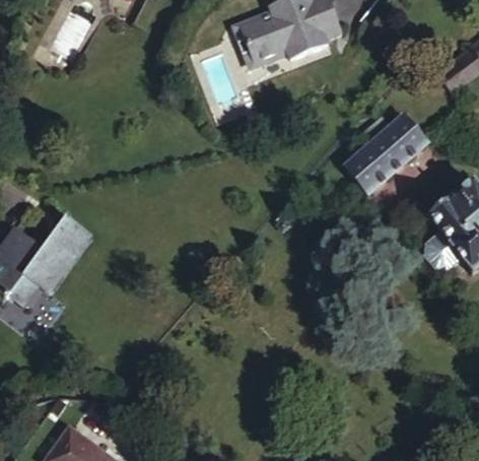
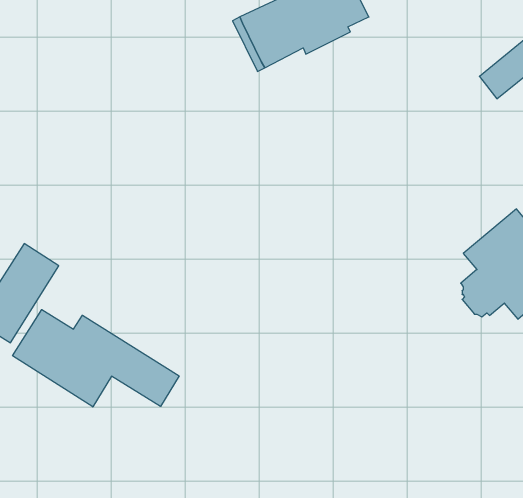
building: [349,115,427,193] -> none
building: none -> [13,310,179,407]

